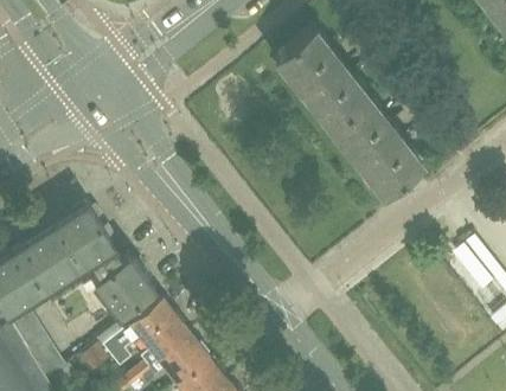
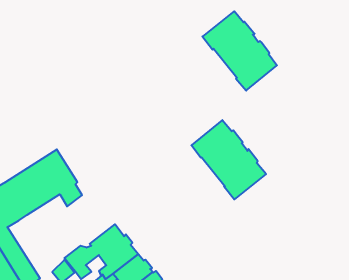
building: [329,100,424,200] -> [191,120,266,199]
building: [94,258,156,320] -> none

